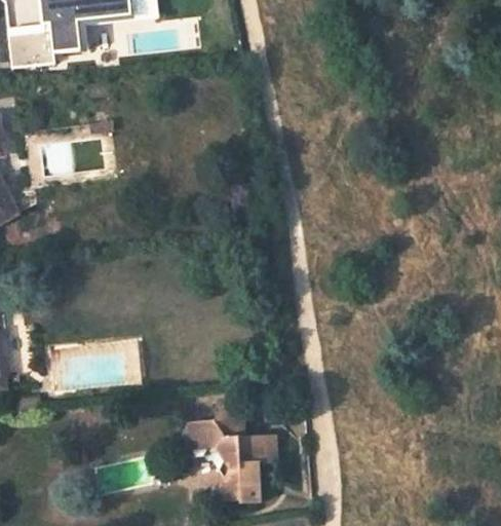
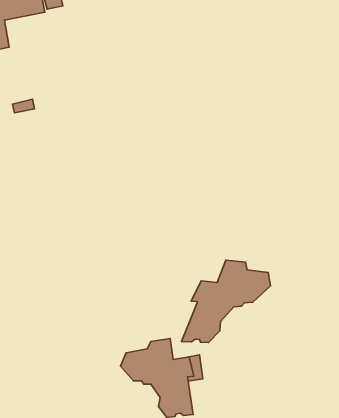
building: none -> [182,260,271,343]

